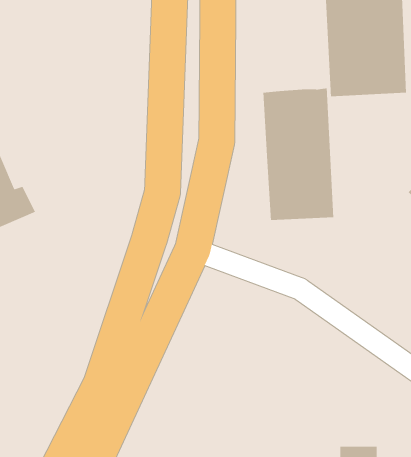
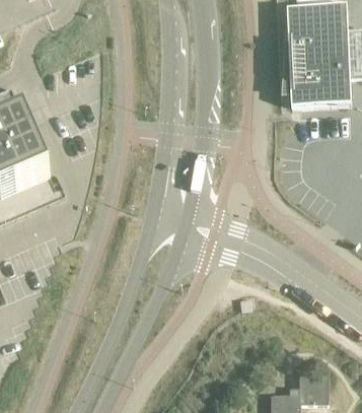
building: [263,88,334,221] -> none

